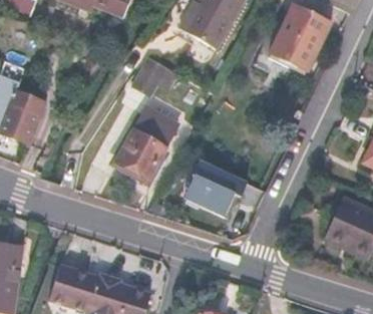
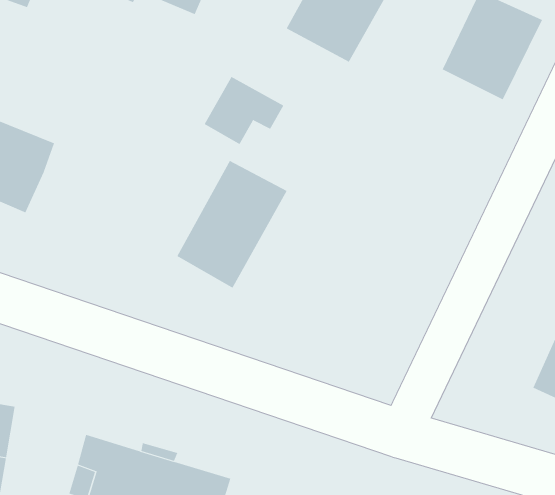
building: [182,162,246,222] -> none

